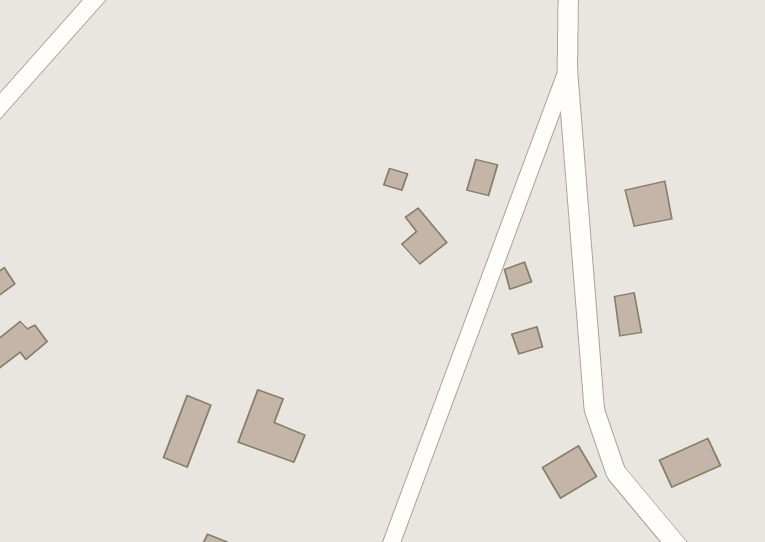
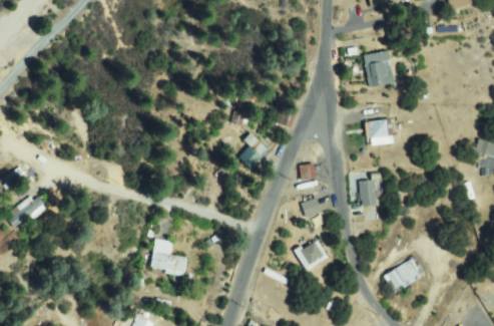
building: none -> [365,51,392,84]
building: [164,396,211,467] -> none
building: [542,446,596,498] -> [297,240,327,269]

